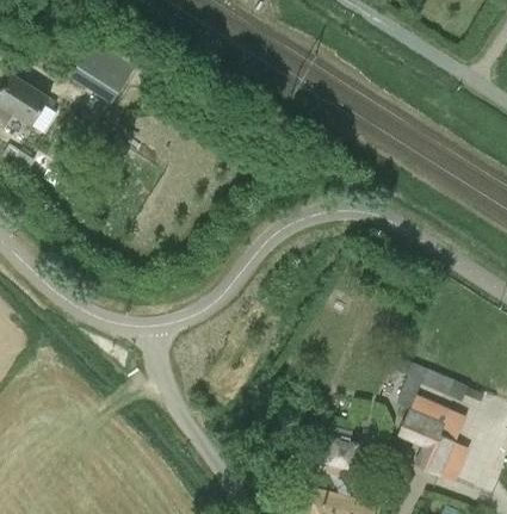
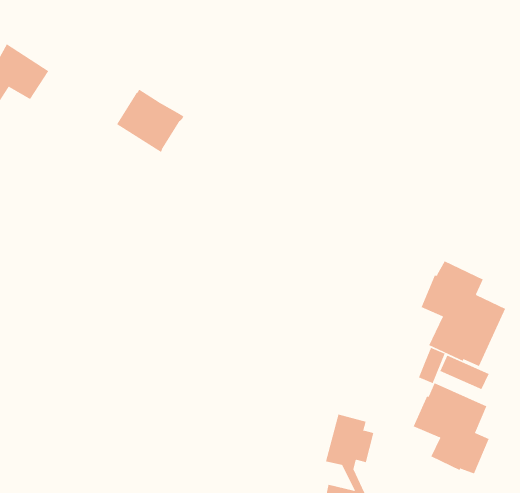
building: [70,42,135,103] -> [116,89,184,153]
building: none -> [421,261,506,367]

